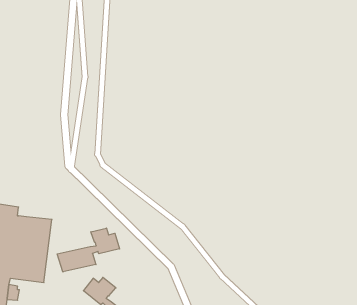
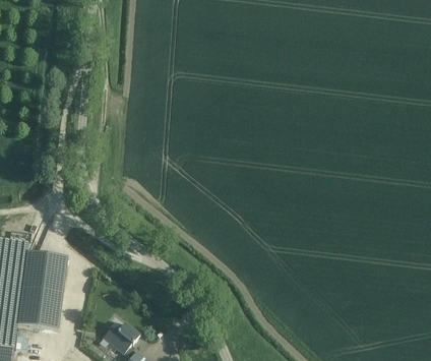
building: [57,228,120,272] -> none

